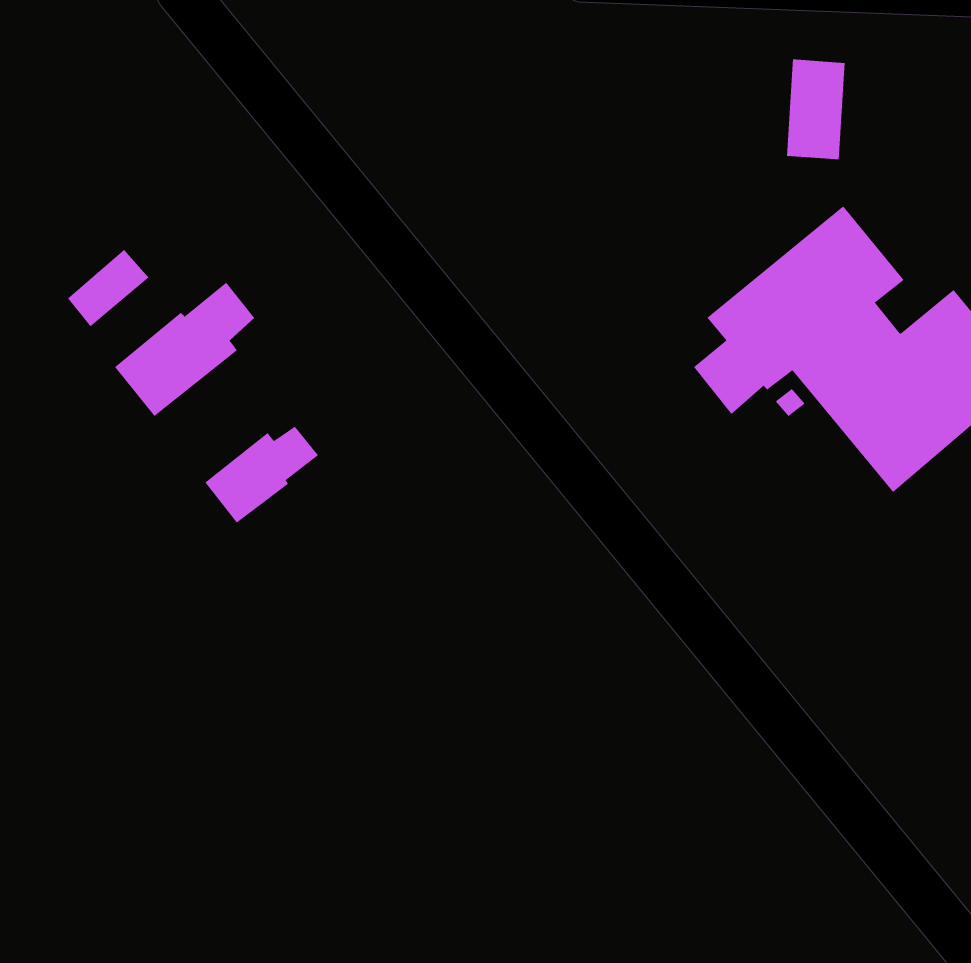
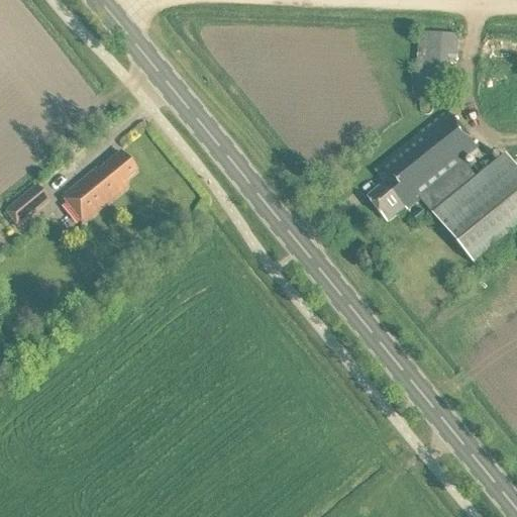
building: [67,249,149,327] -> [5,183,48,224]
building: [205,426,319,524] -> none

